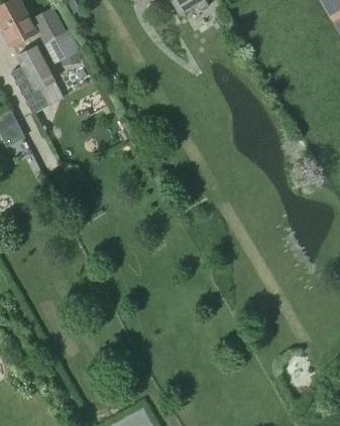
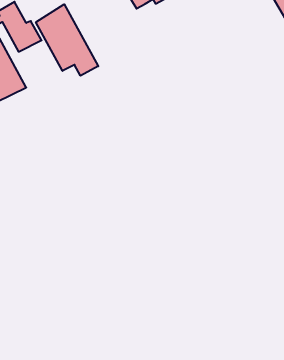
building: none -> [36,4,98,76]

